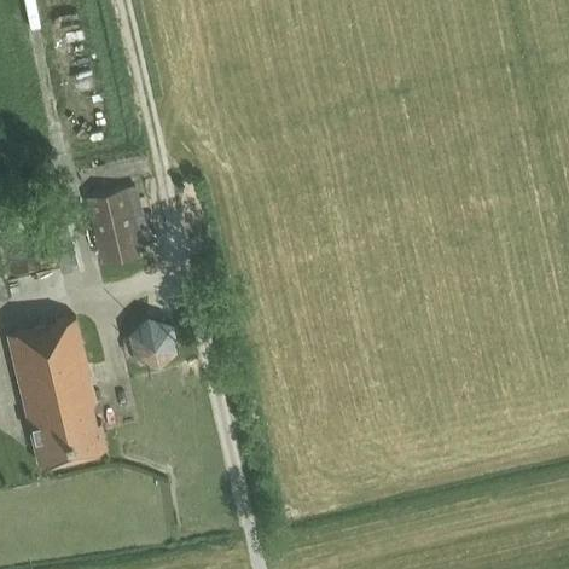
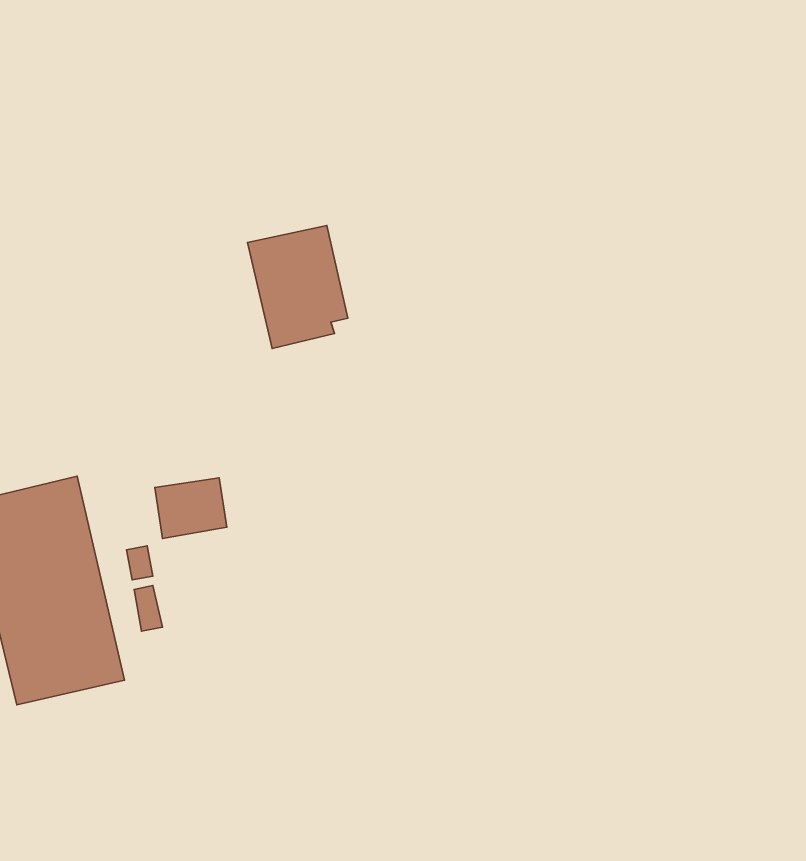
building: [85,188,149,267] -> [247,226,348,349]

